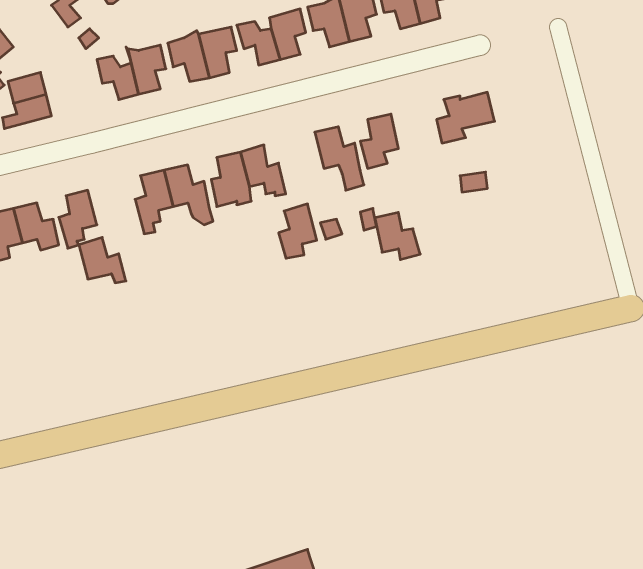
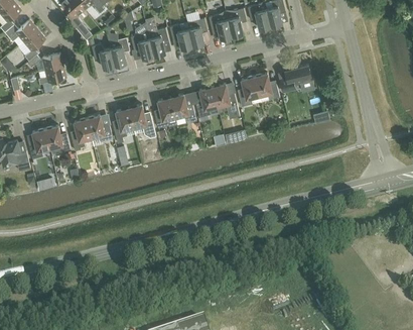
building: [279,204,317,258] -> [195,86,217,116]
building: [375,212,420,260] -> [254,73,279,99]
building: [79,237,126,283] -> [86,114,112,139]

